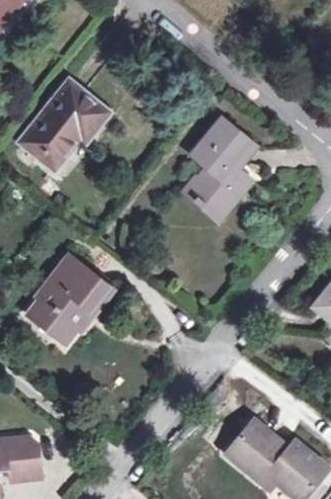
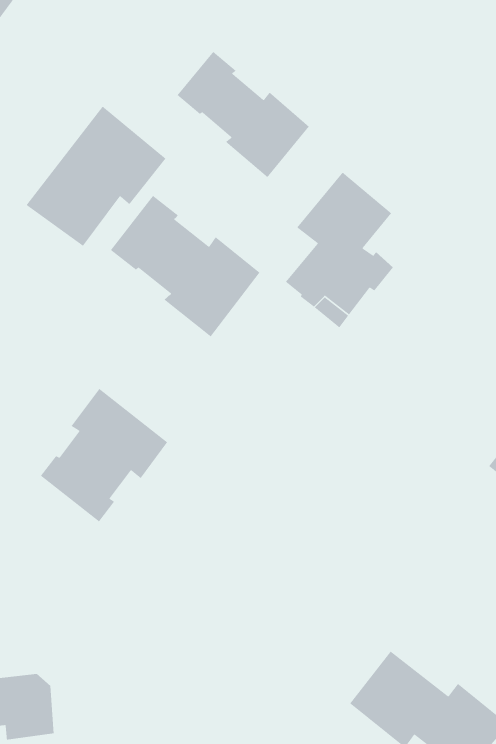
building: none -> [176,51,310,178]
building: none -> [110,195,260,337]

